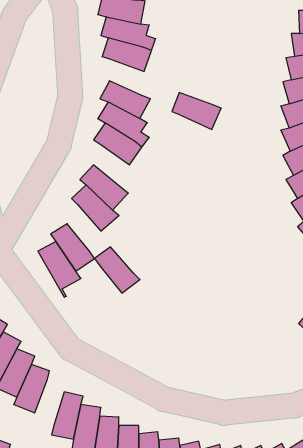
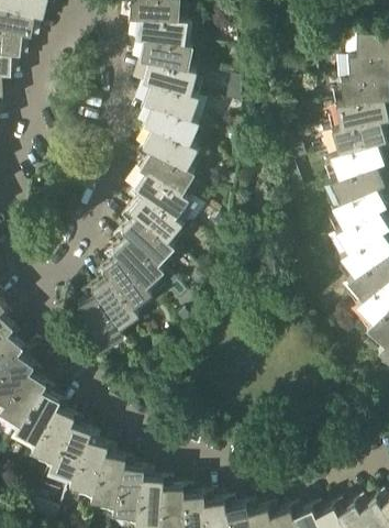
building: [172,93,221,129] -> [144,108,196,146]
building: none -> [129,197,179,243]
building: [95,247,140,293] -> [102,261,149,309]
building: none -> [70,443,107,502]

